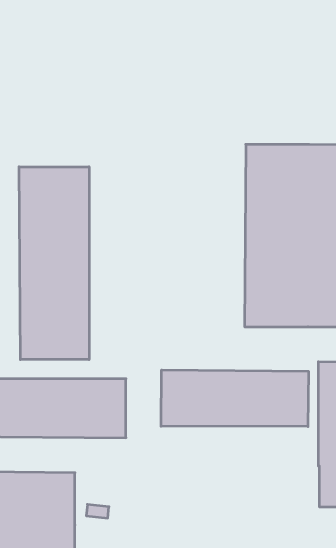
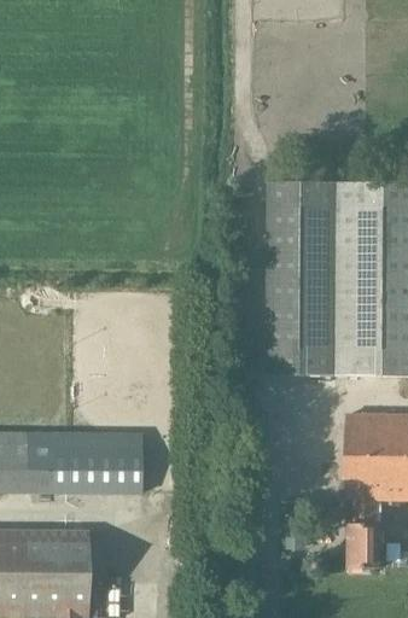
building: [19,167,89,360] -> none
building: [161,370,308,427] -> none

